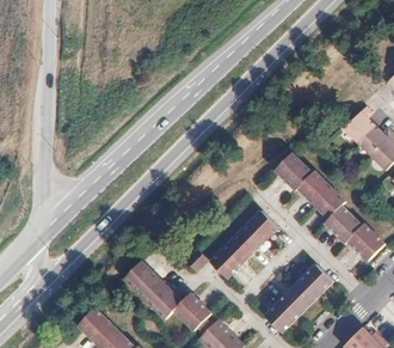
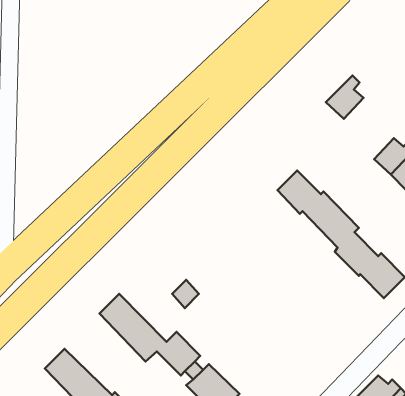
building: [343,106,375,144] -> [326,75,364,119]
building: [211,210,281,280] -> none
building: [265,263,333,332] -> none

